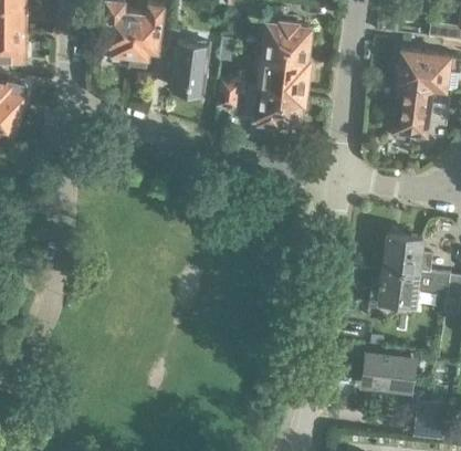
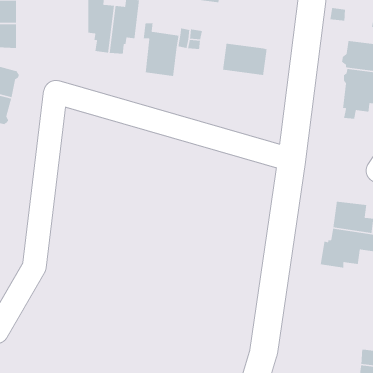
building: [262,19,310,59] -> none
building: [217,78,305,124] -> none
building: [363,354,411,394] -> none

